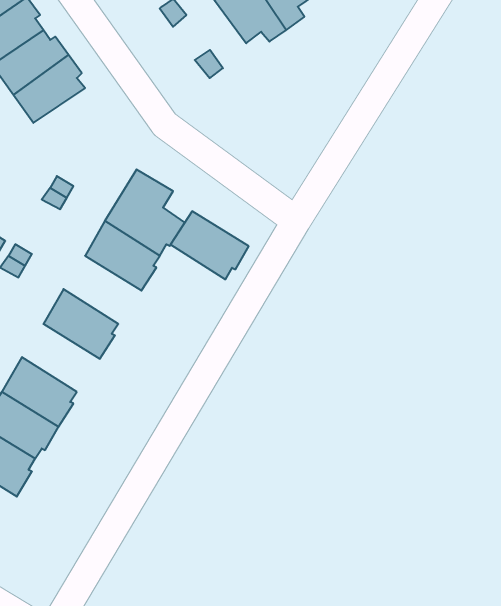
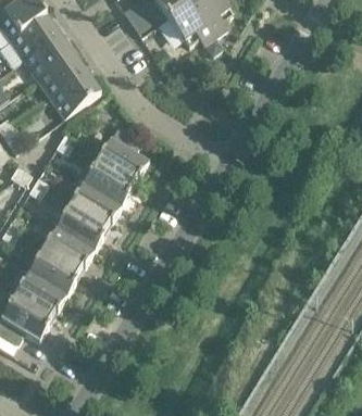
building: none -> [48,74,99,117]
building: [171,211,249,279] -> [67,184,118,228]
building: none -> [40,228,91,273]

